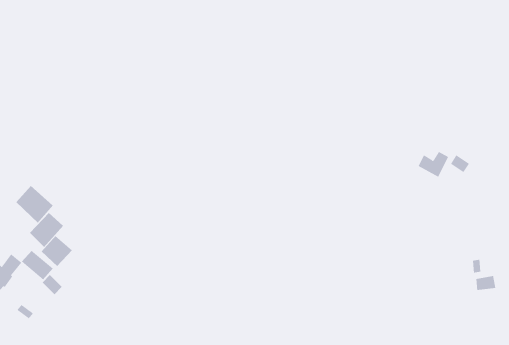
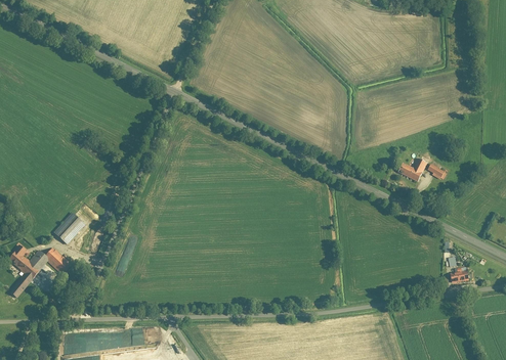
building: [15,185,53,224] -> none
building: [41,235,73,267] -> none

